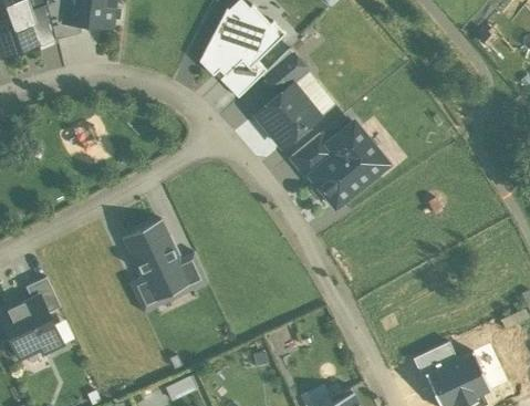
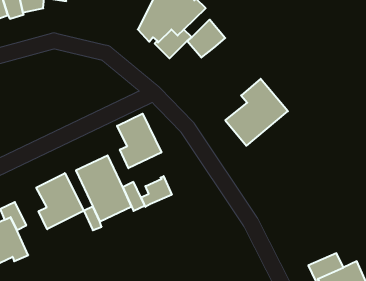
building: [257,84,320,146] -> none
building: [292,133,337,177] -> none
building: none -> [117,114,161,168]
building: none -> [36,173,84,229]
building: none -> [141,176,172,207]

